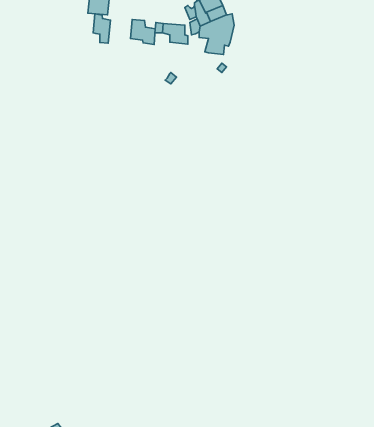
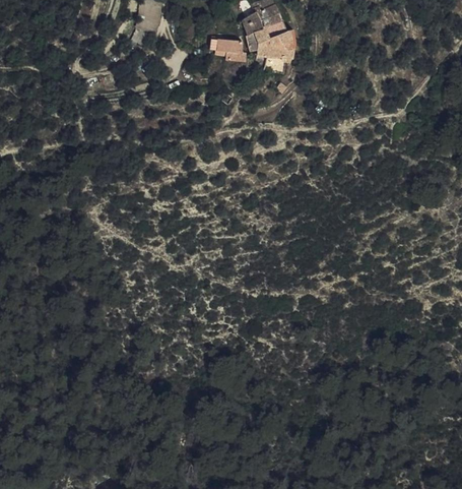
building: [93,14,111,43] -> none
building: [130,19,155,44] -> none

